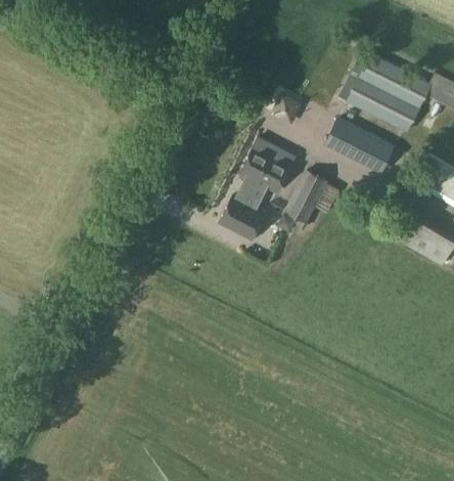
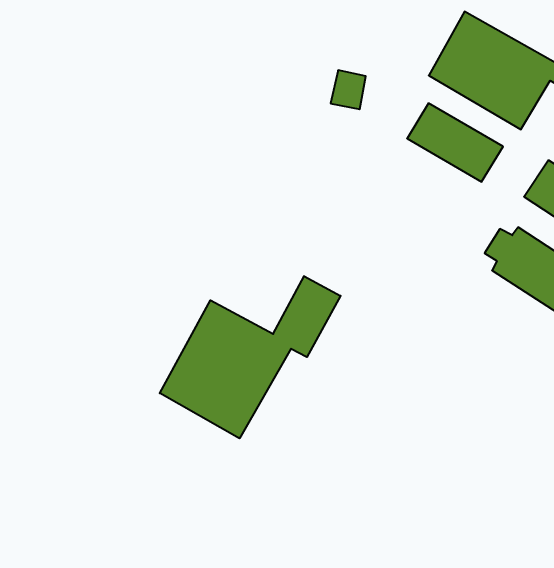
building: [220,137,289,239] -> none
building: [283,170,339,223] -> none
building: none -> [160,276,341,438]

